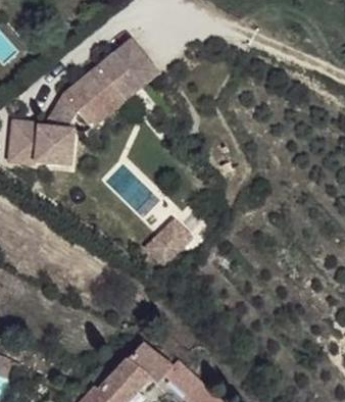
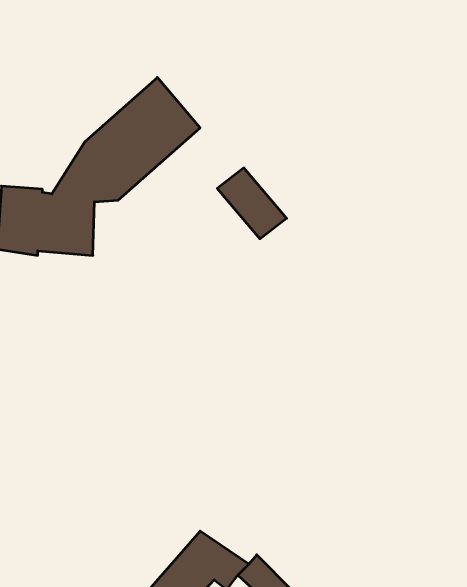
building: [111,38,156,84] -> [217,168,287,239]
building: [148,216,194,262] -> none

